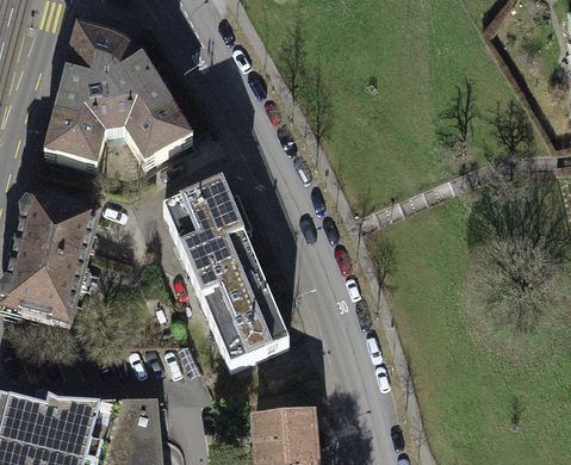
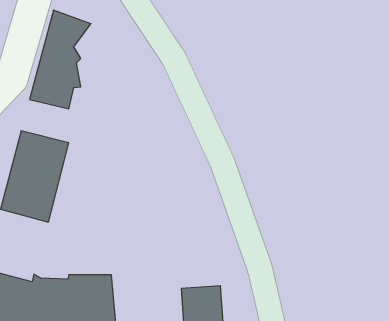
building: [105,42,193,161] -> none
building: [162,180,290,364] -> none

